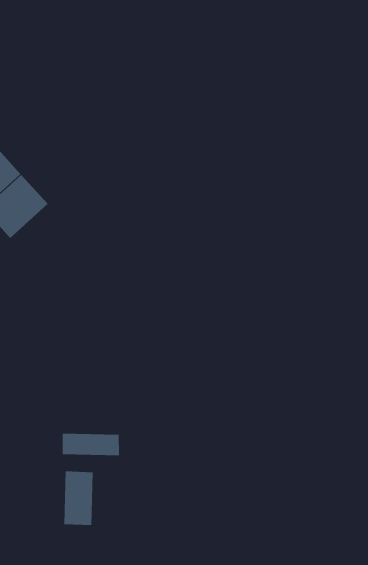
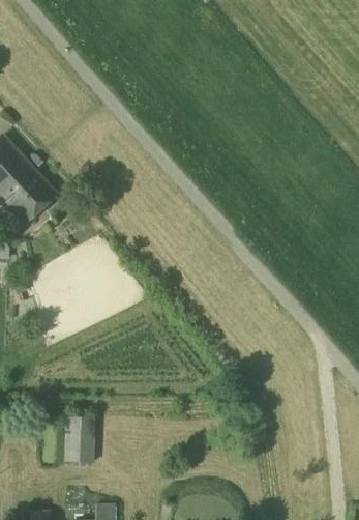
building: [62,433,119,456] -> none

